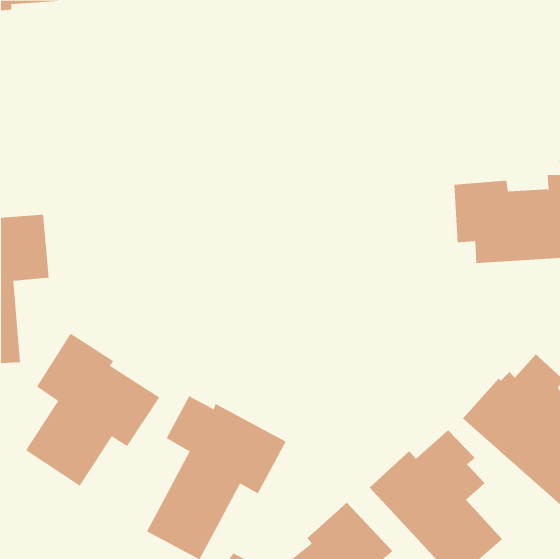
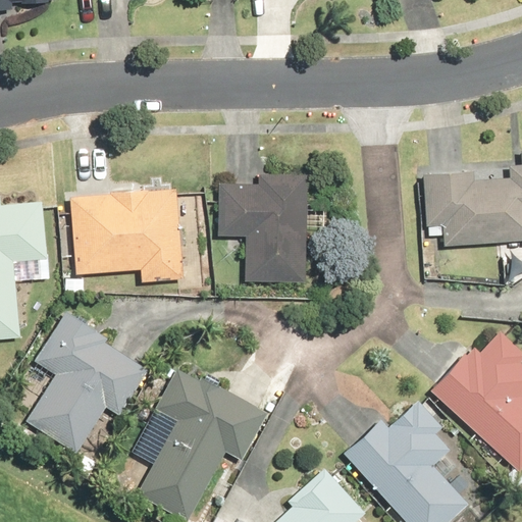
building: none -> [217,173,307,282]
building: none -> [69,188,182,283]

